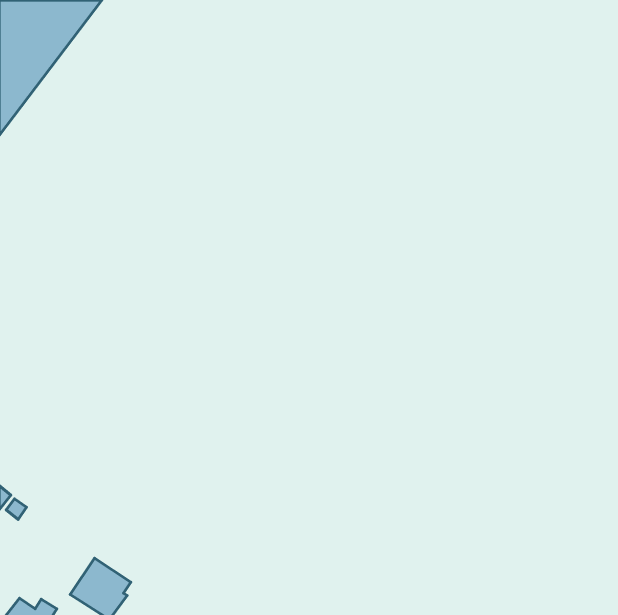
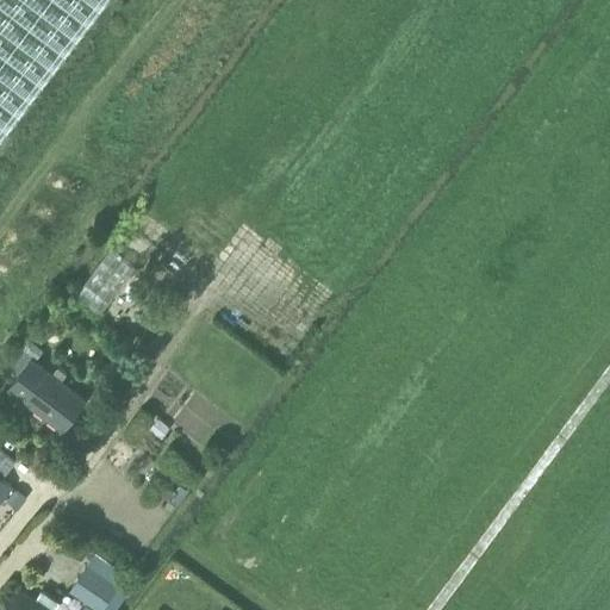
building: none -> [76,253,135,317]
building: none -> [8,363,85,434]

